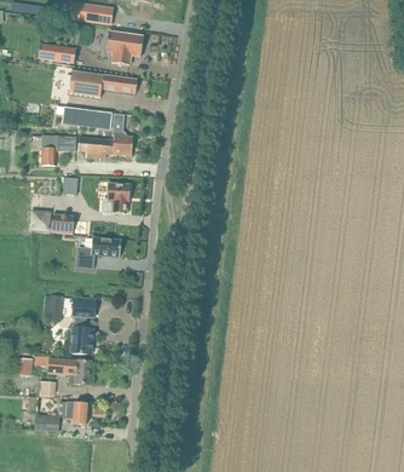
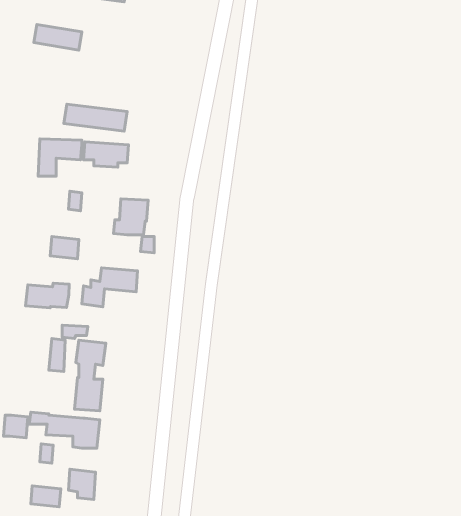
building: [105,30,144,64] -> none
building: [69,70,137,97] -> none
building: [112,113,133,155] -> none
building: none -> [26,283,69,308]

